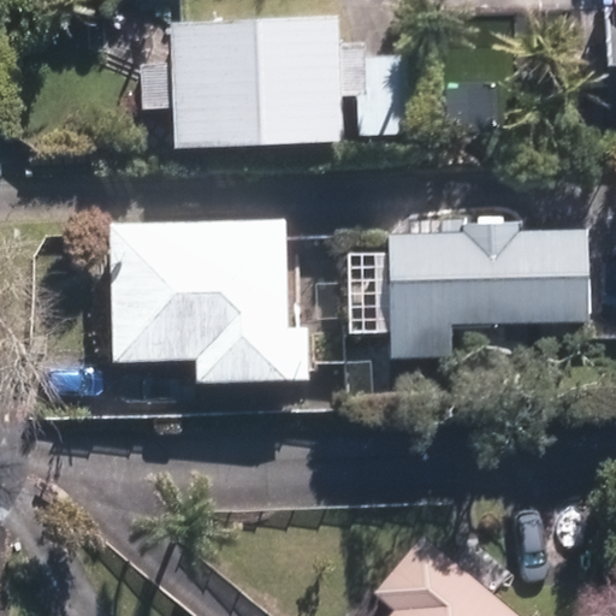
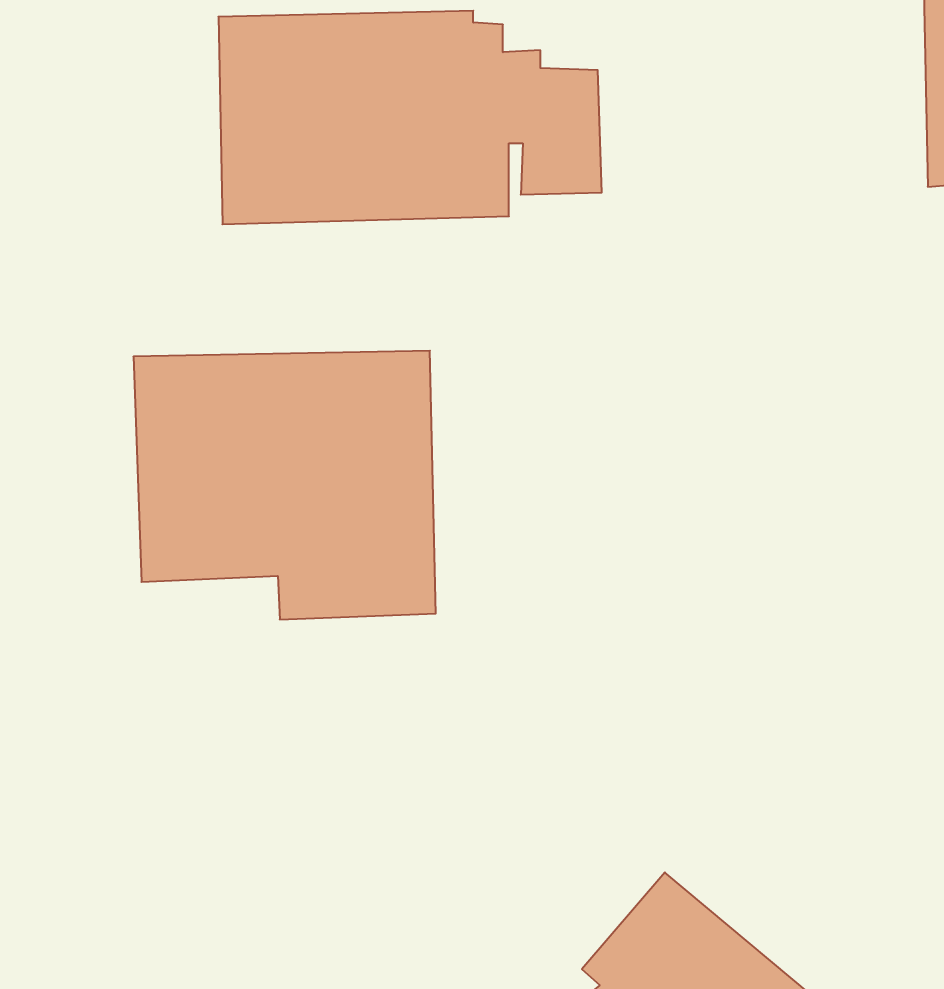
building: [379,226,591,357] -> none

